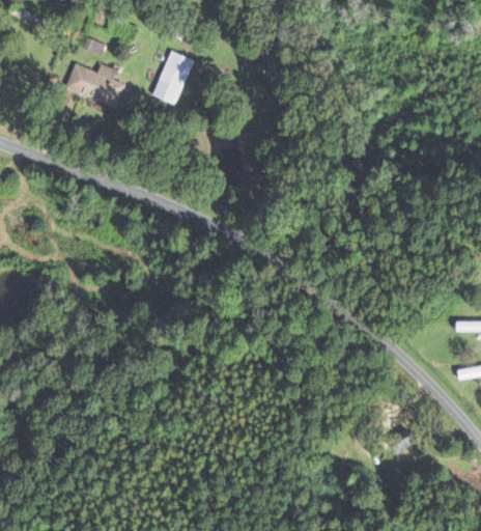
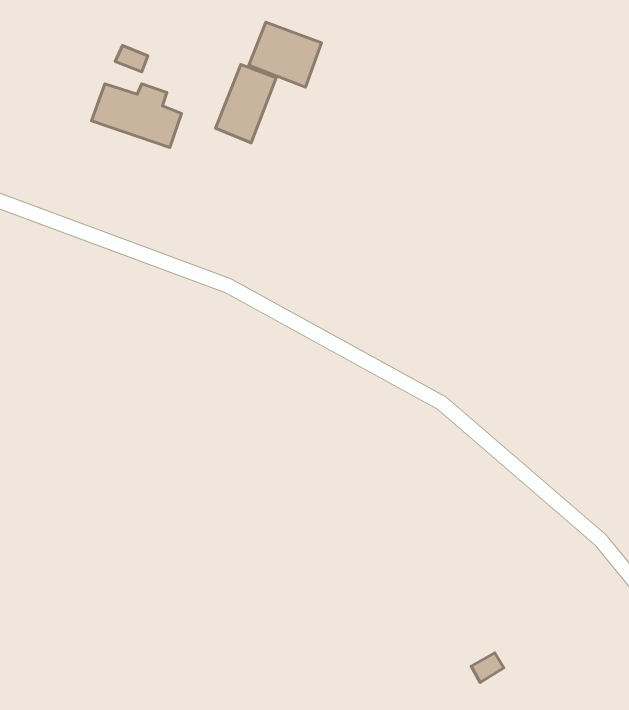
building: none -> [249,22,321,87]

